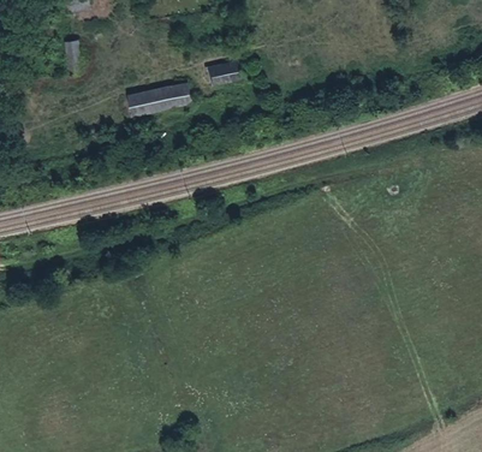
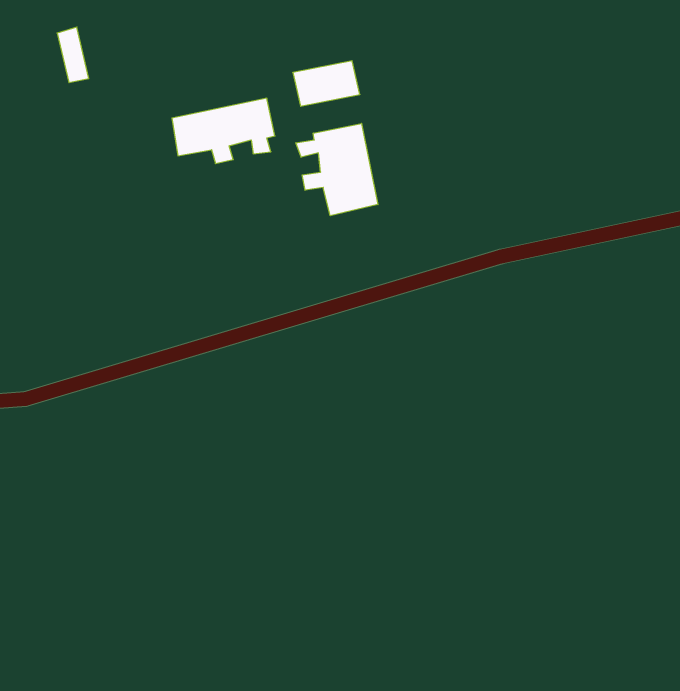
building: none -> [296,123,378,216]

